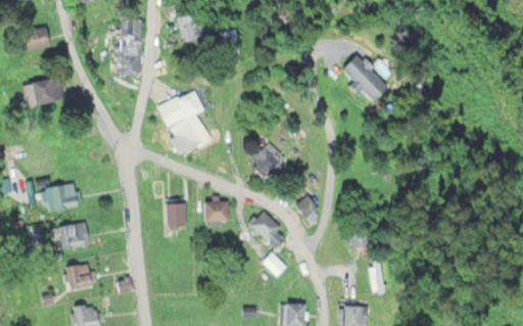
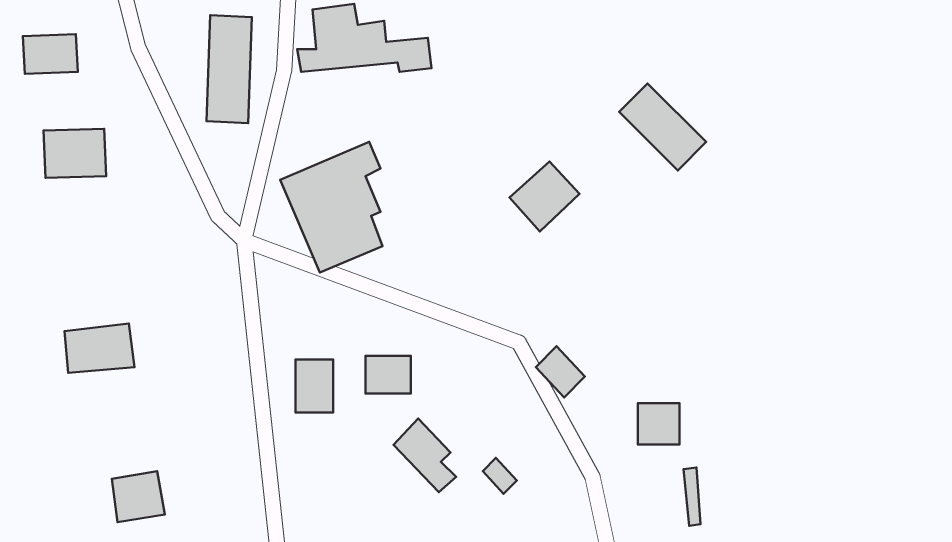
building: [246,142,284,180] -> [510,162,580,232]
building: [249,211,283,250] -> [394,418,456,492]
building: [57,223,89,250] -> none

